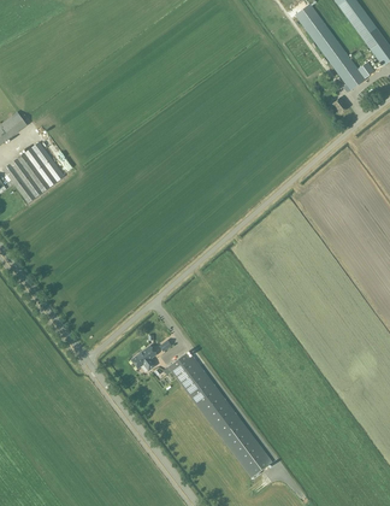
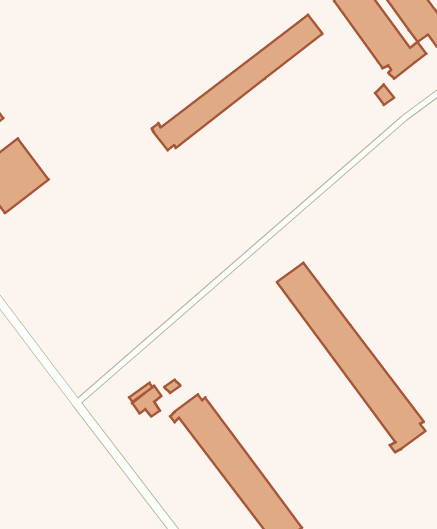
building: none -> [152,15,322,150]
building: none -> [277,263,425,452]

